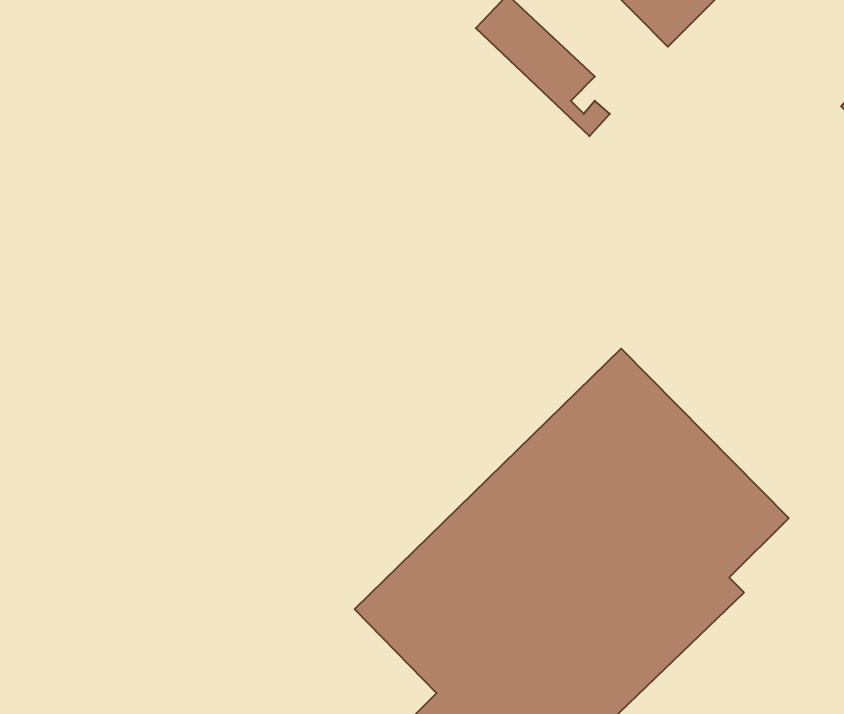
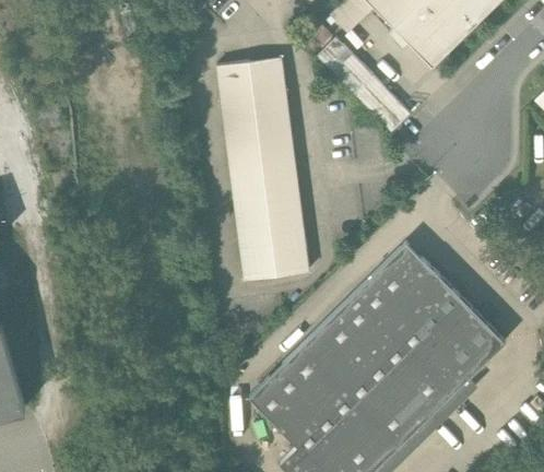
building: none -> [216,57,309,279]

